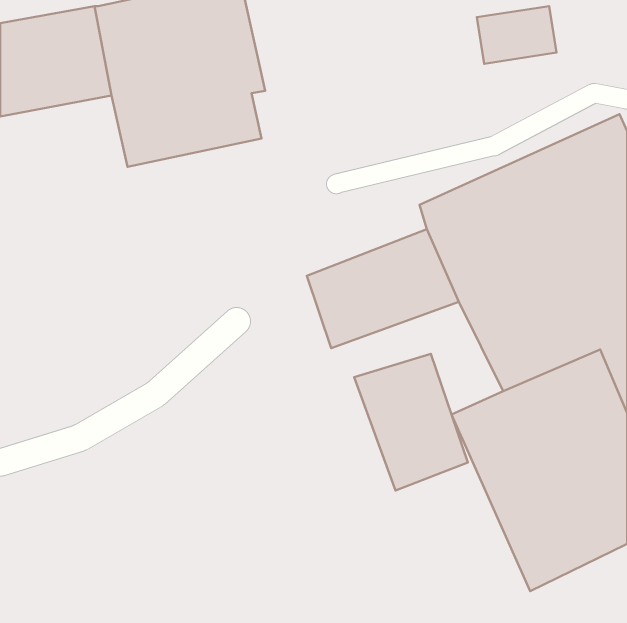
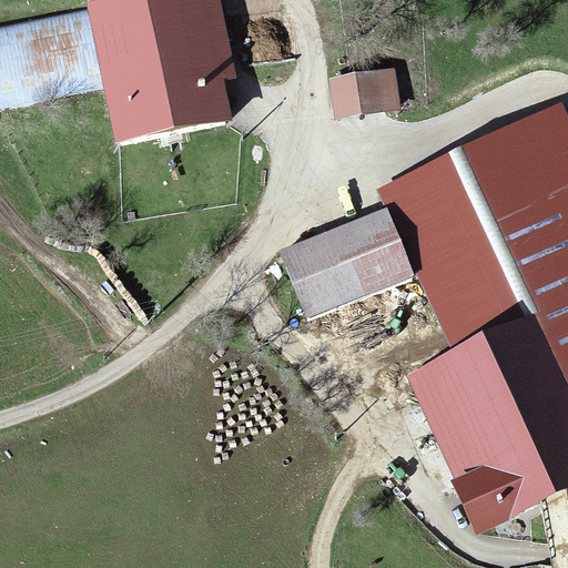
building: [477,6,557,64] -> [329,68,402,120]
building: [354,354,468,491] -> none

